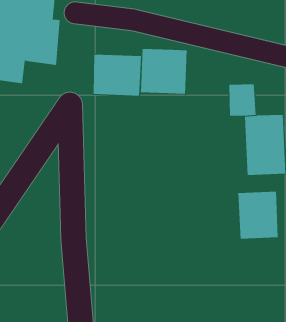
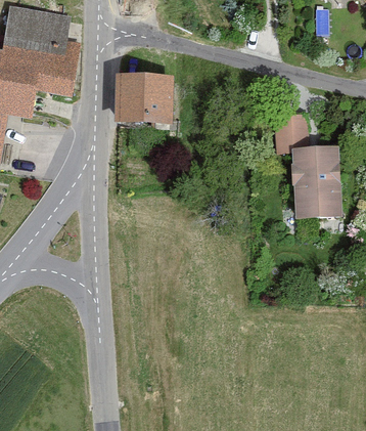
building: [140,48,187,95] -> none
building: [238,191,278,240] -> none

